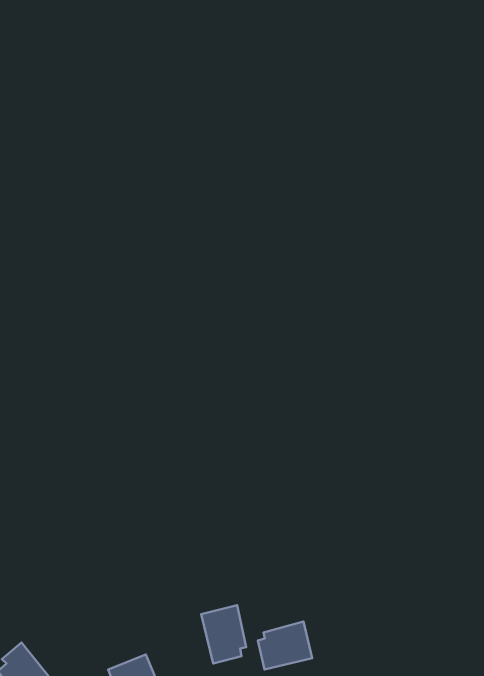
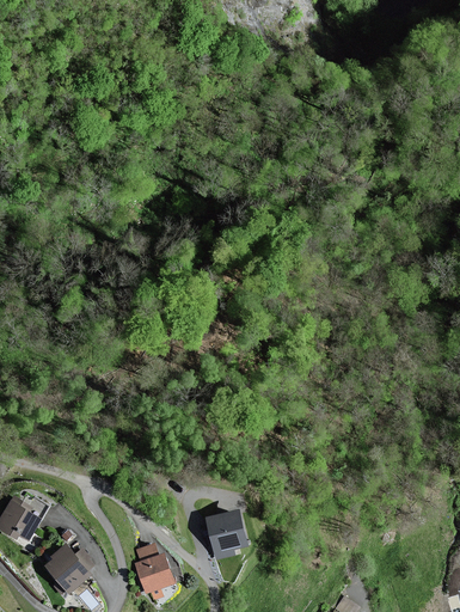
building: [258,622,312,670] -> none

